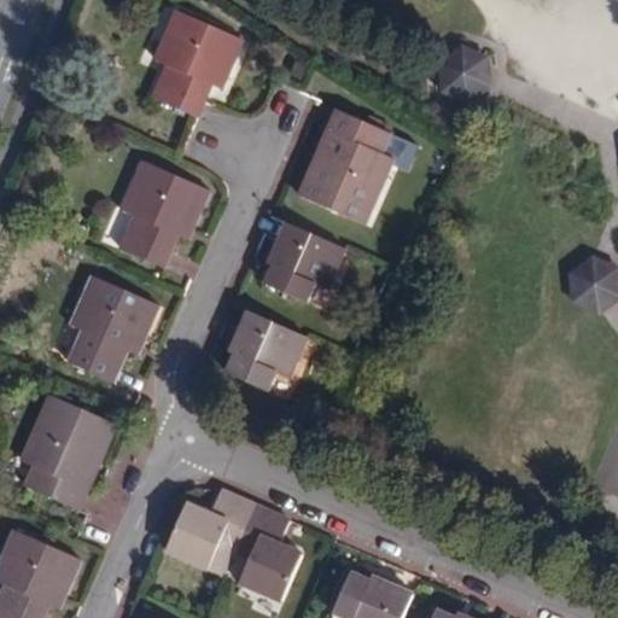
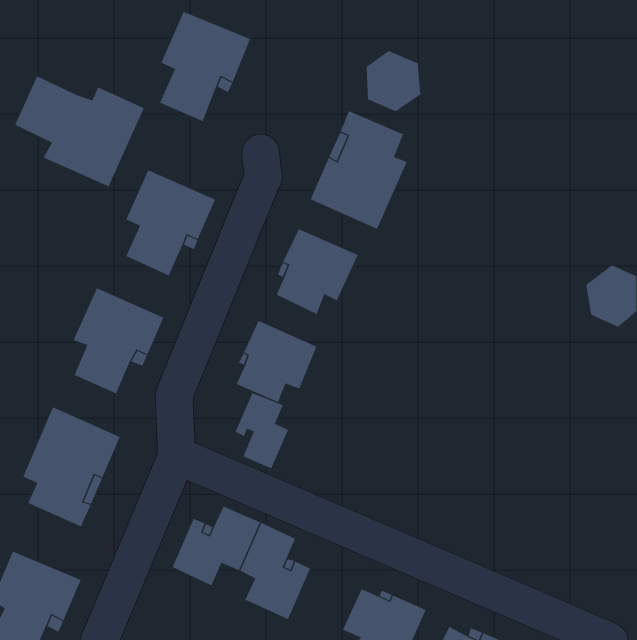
building: [436,46,489,105] -> [366,50,421,112]
building: none -> [14,76,144,187]
building: none -> [235,392,289,469]

